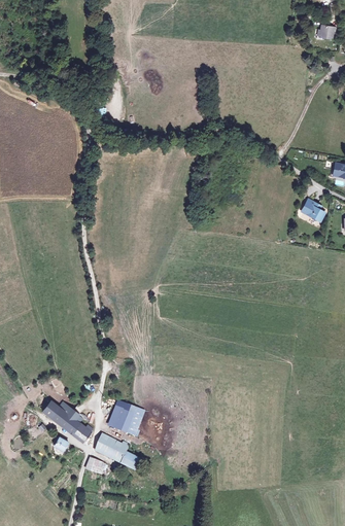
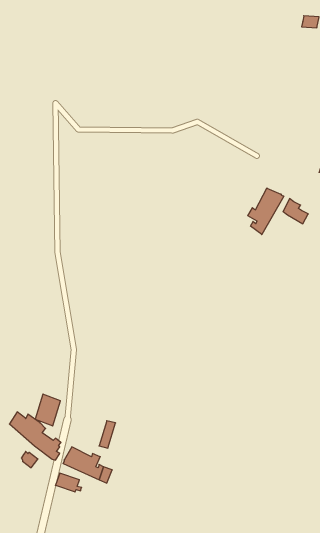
building: none -> [248,188,284,235]
building: [110,400,134,430] -> [35,394,60,426]

